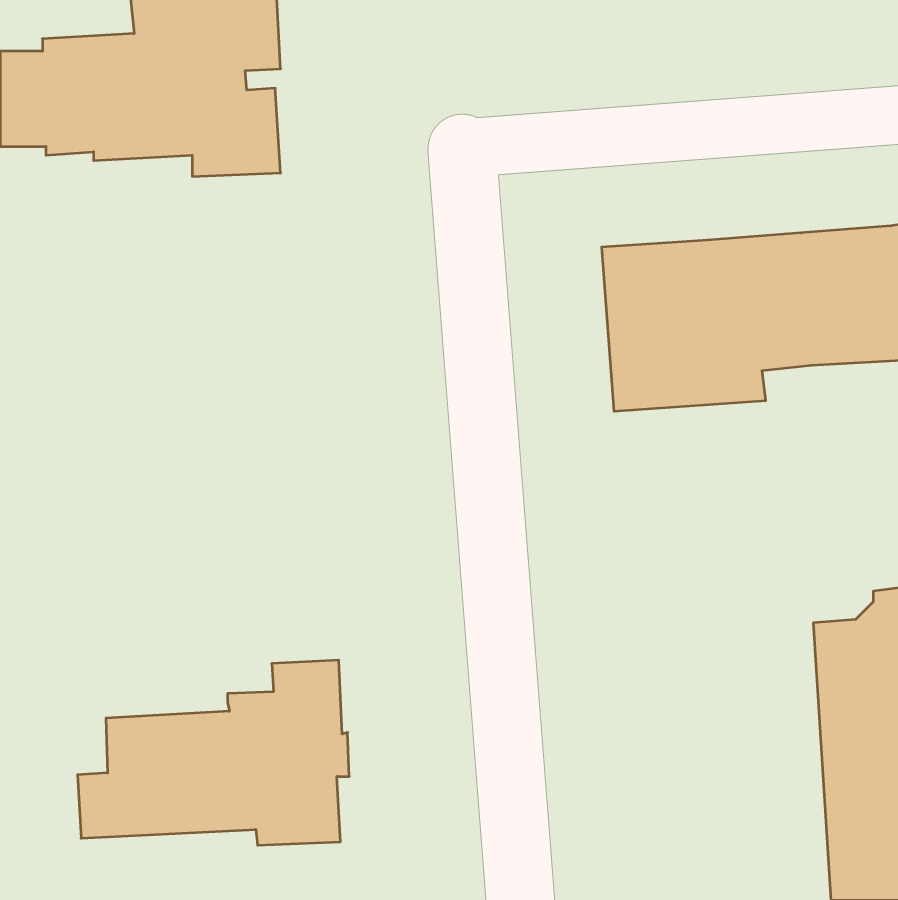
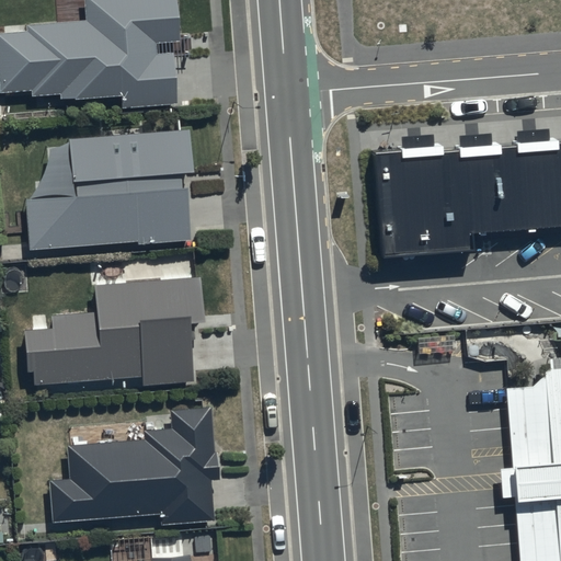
building: none -> [26,129,193,250]
building: none -> [24,250,203,386]

